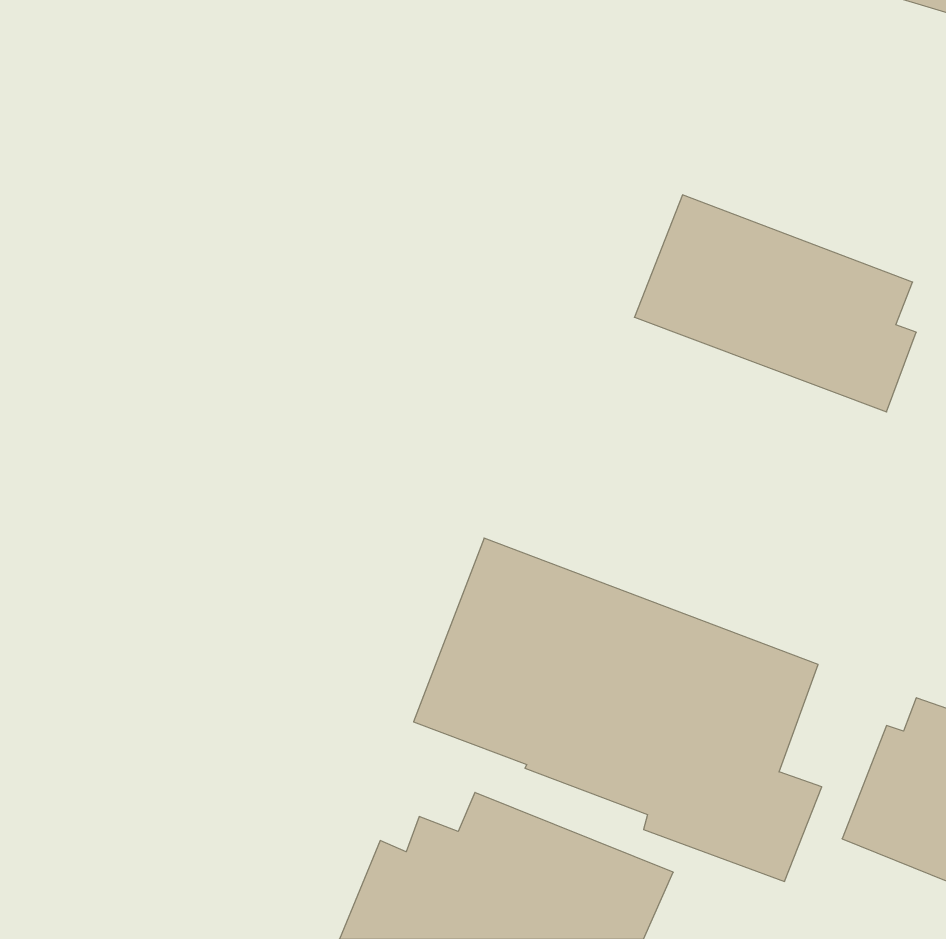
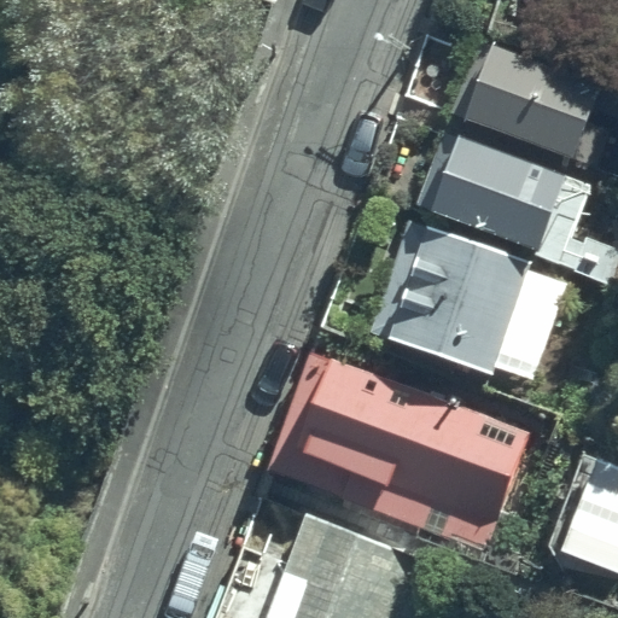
building: none -> [457,42,608,167]
building: none -> [366,220,571,385]

